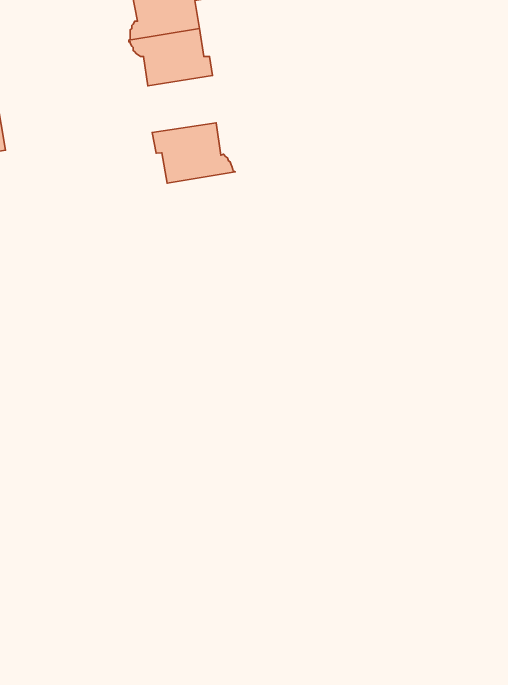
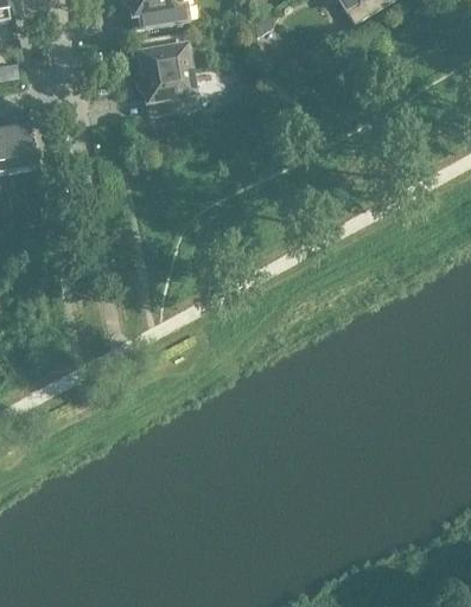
building: [152,123,235,183] -> none

